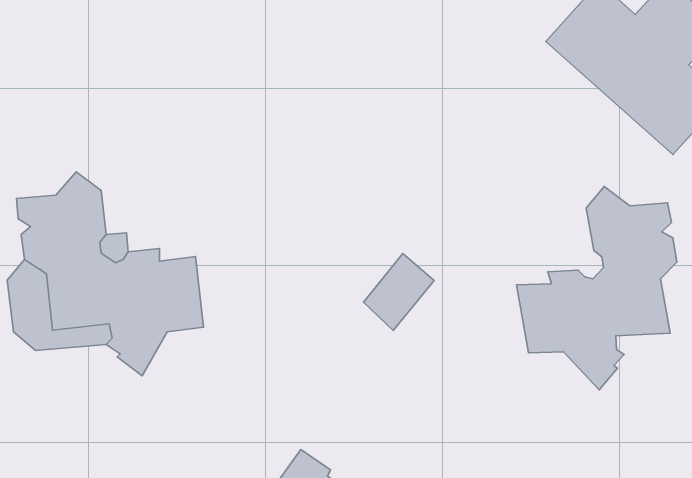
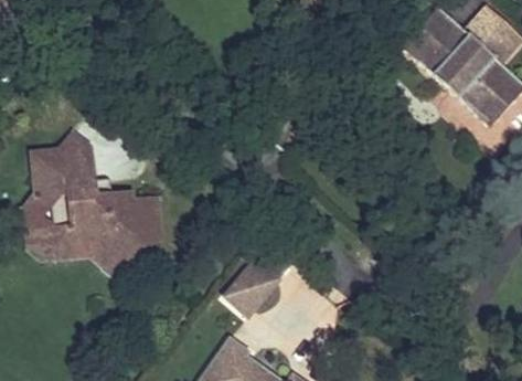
building: [516,187,677,390] -> none
building: [363,254,434,331] -> [227,258,277,313]

